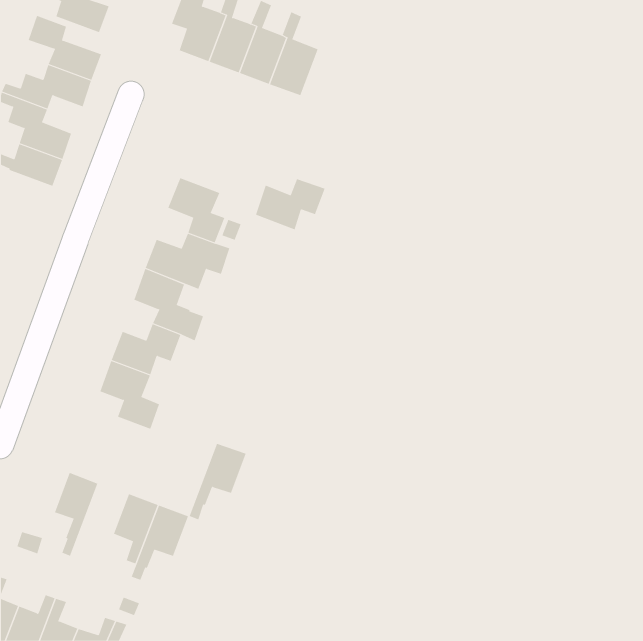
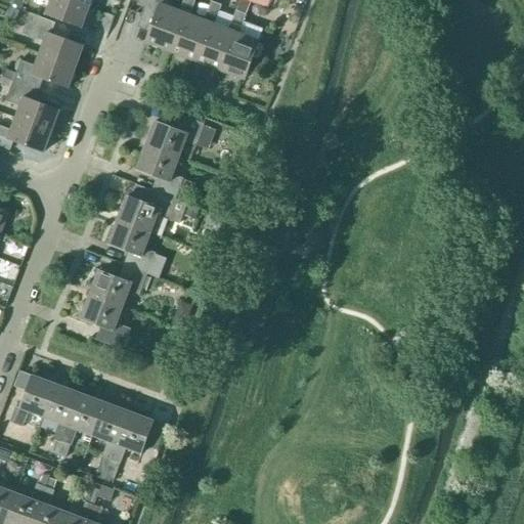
building: [255,178,325,230] -> [146,115,204,157]
building: [189,443,247,520] -> [57,393,104,455]
building: none -> [13,375,56,426]

